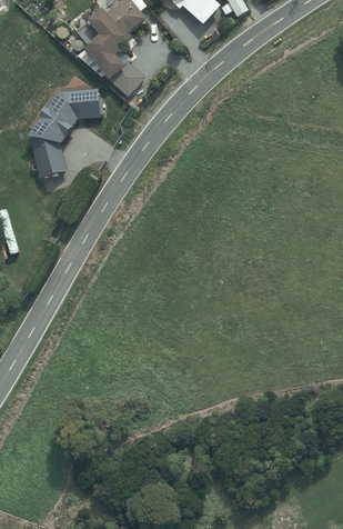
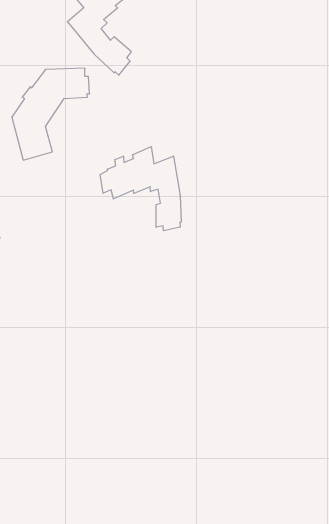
building: none -> [100,147,181,231]

